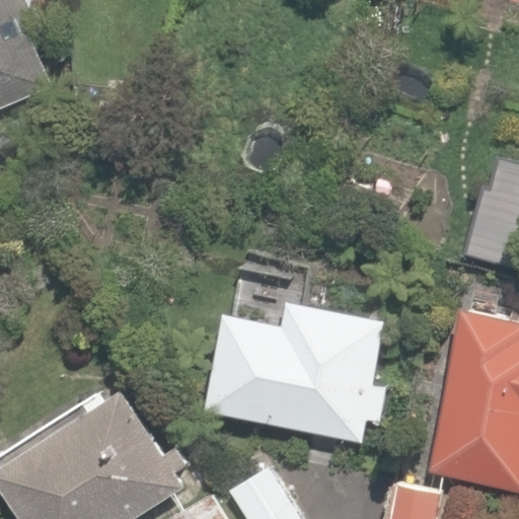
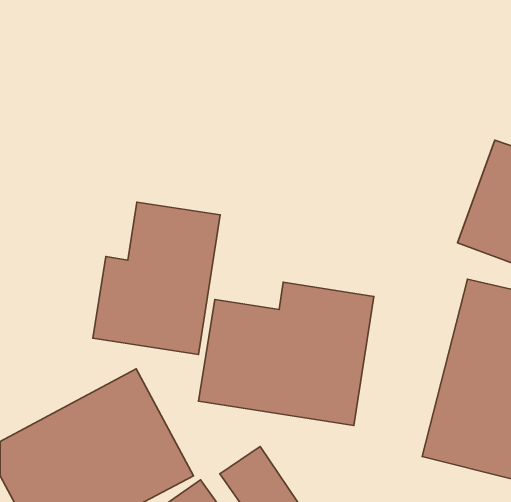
building: none -> [93,202,220,355]

